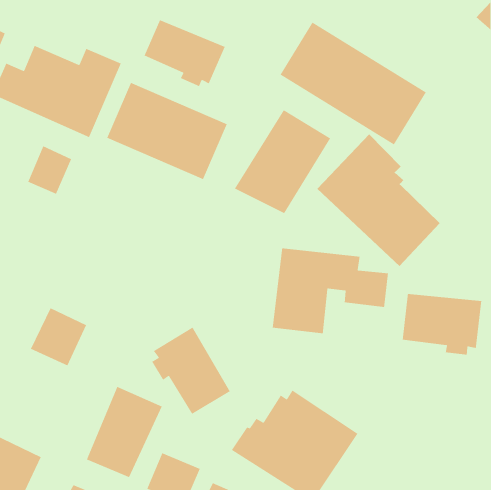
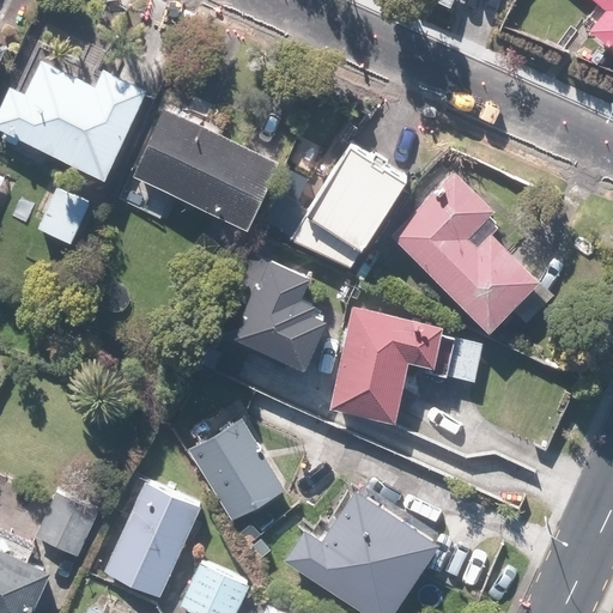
building: [144,19,226,87] -> none
building: [279,22,427,145] -> none
building: none -> [210,256,333,372]
building: [402,293,482,355] -> none
building: [30,307,87,367] -> [30,488,101,562]

